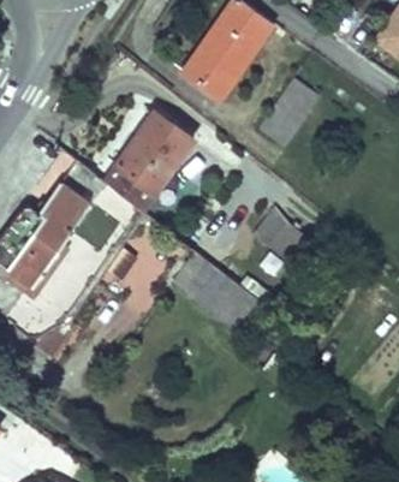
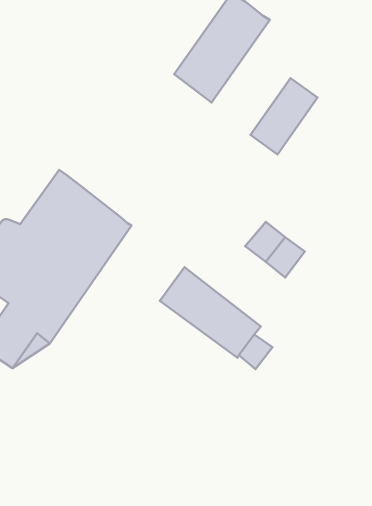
building: [95,114,191,212] -> none

